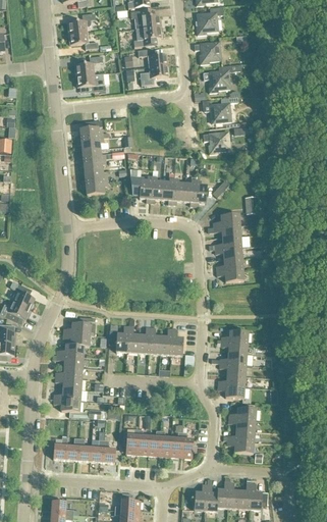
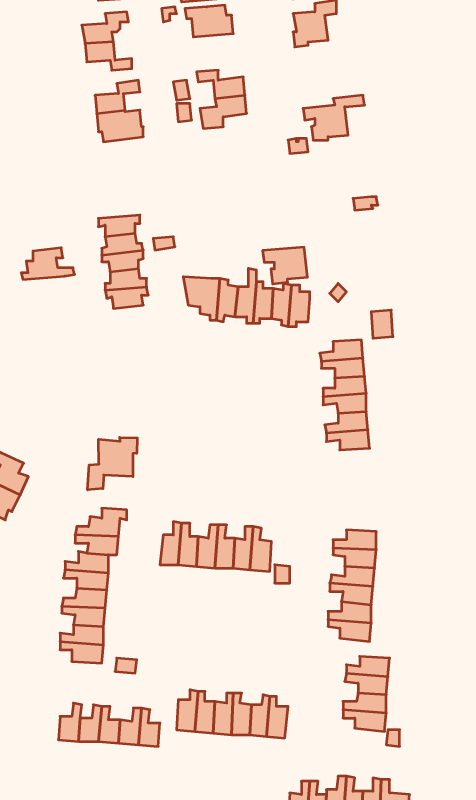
building: [133,25,161,45] -> none
building: [194,41,221,62] -> none
building: [204,102,231,121] -> none
building: [76,119,109,139] -> [21,248,75,279]
building: [203,130,230,153] -> [263,247,307,284]
building: none -> [88,437,137,490]

